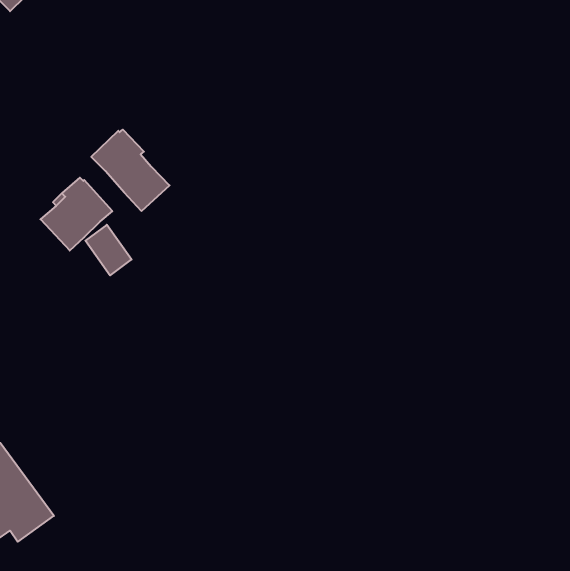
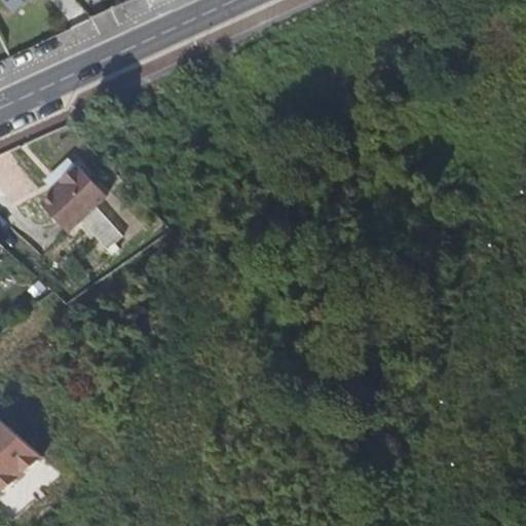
building: [91,130,170,211] -> none

